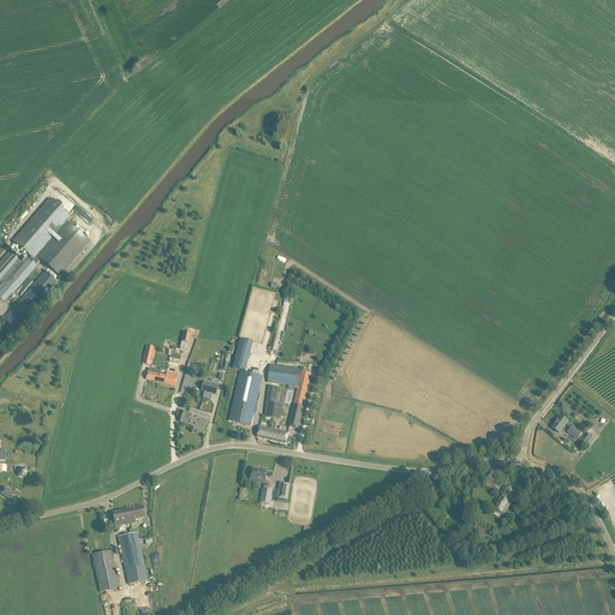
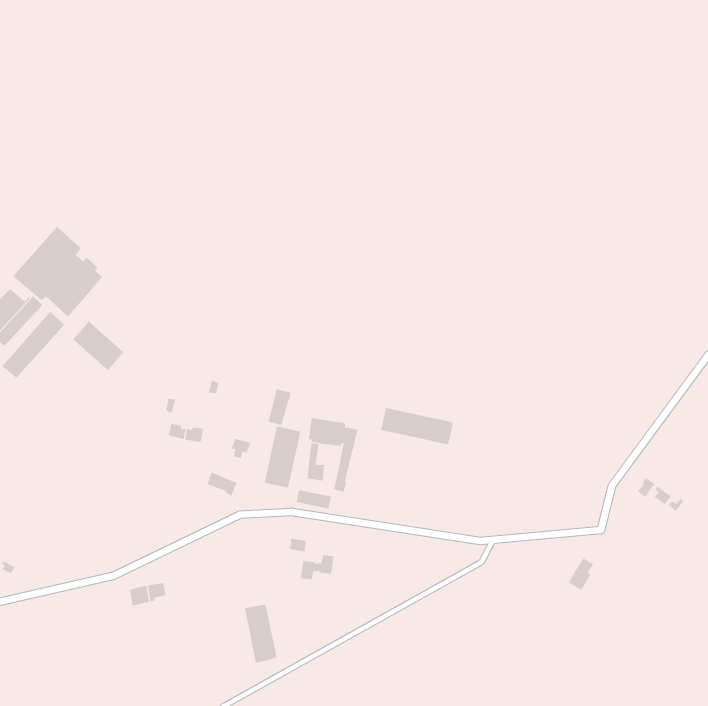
building: none -> [72,321,124,371]
building: none -> [380,407,453,445]
building: [117,531,145,583] -> [244,604,277,664]
building: [90,548,119,590] -> none

